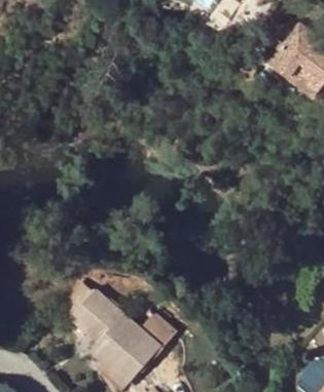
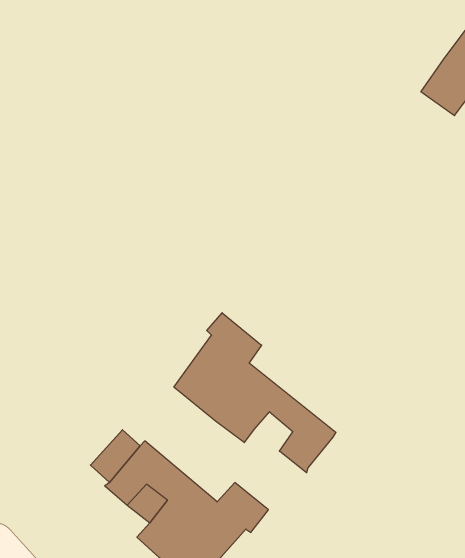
building: none -> [174,313,336,473]

